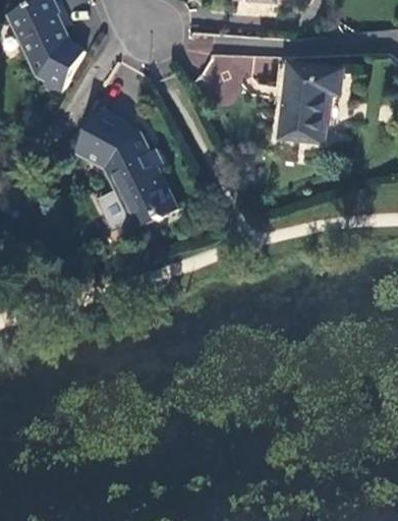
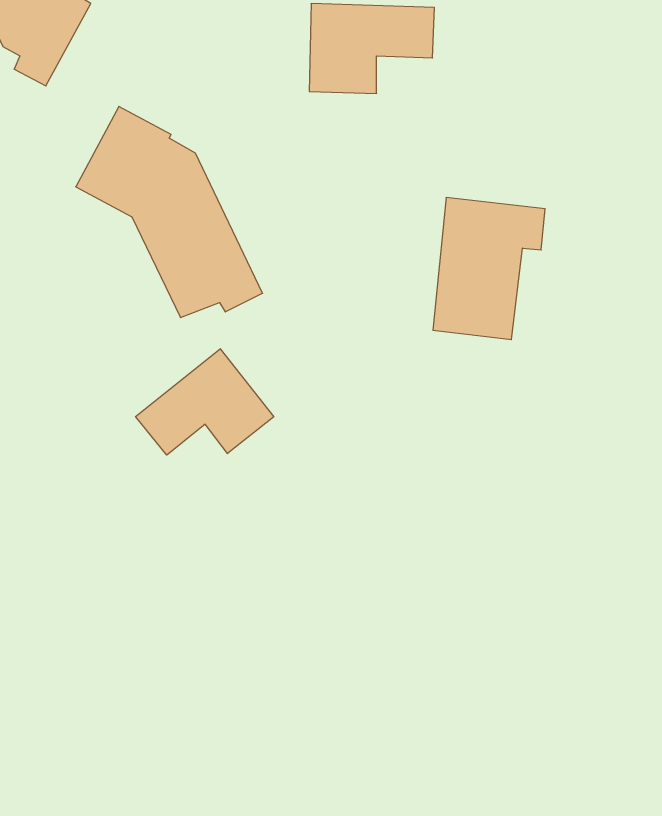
building: [281,61,342,138] -> [433,198,545,340]
building: none -> [136,349,274,455]

